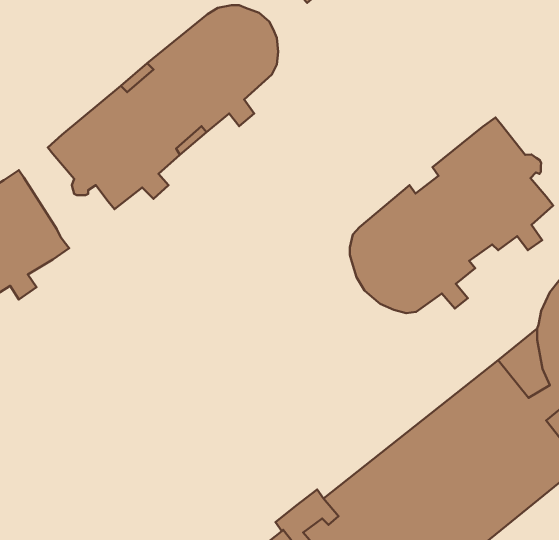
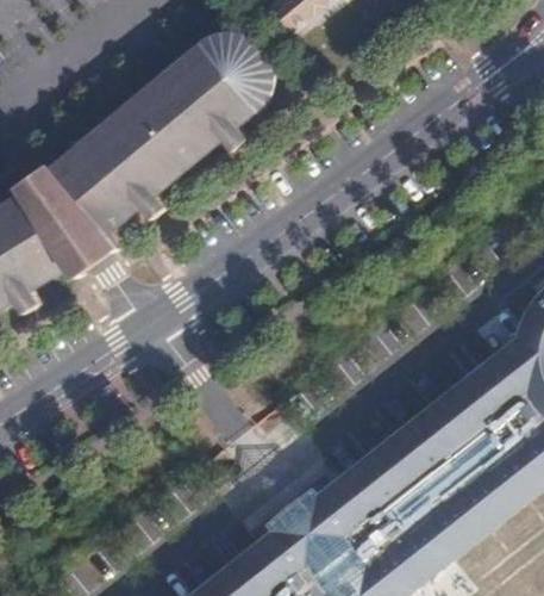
building: [350,118,553,313] -> none
building: none -> [19,166,120,275]

